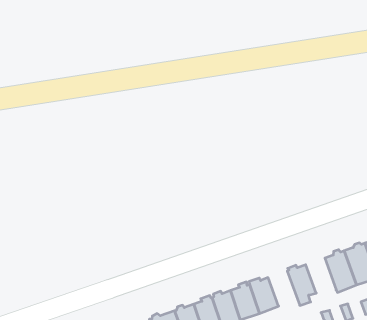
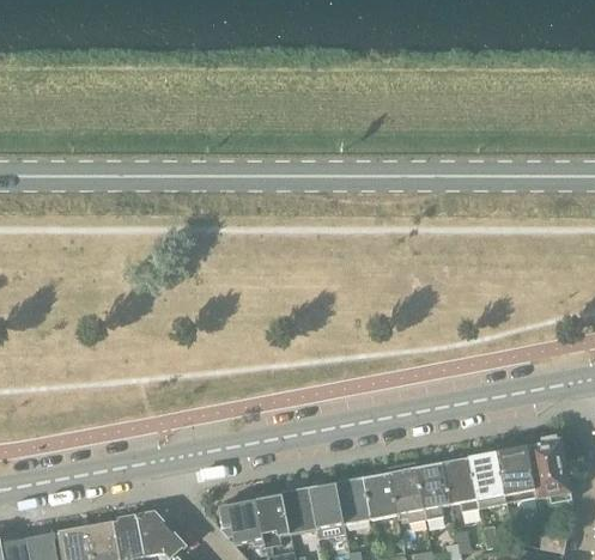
building: none -> [443,457,479,510]
building: none -> [389,467,426,522]

